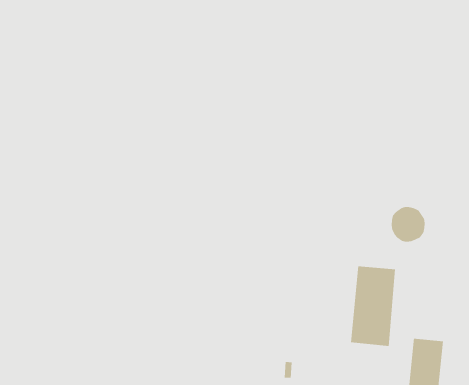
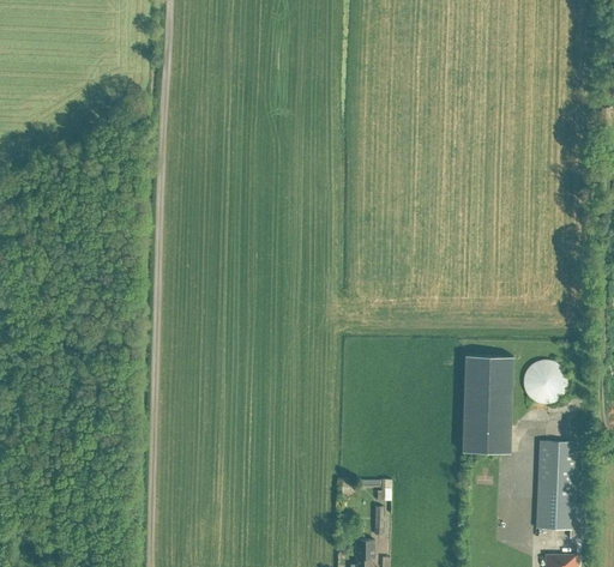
building: [391,207,426,242] -> [524,360,567,404]

